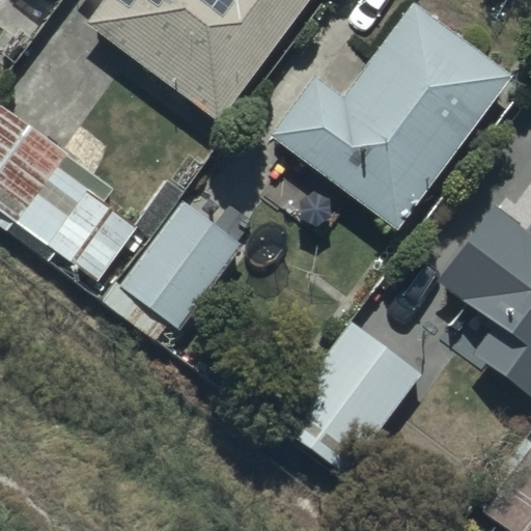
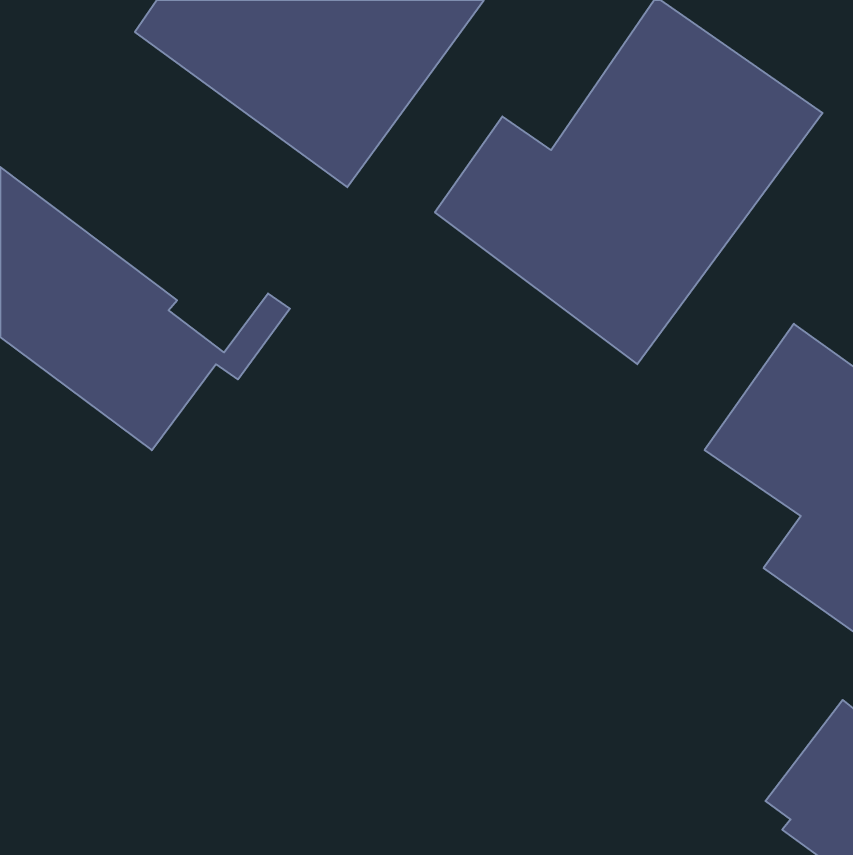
building: [120,201,242,329] -> none
building: [277,322,423,502] -> none

